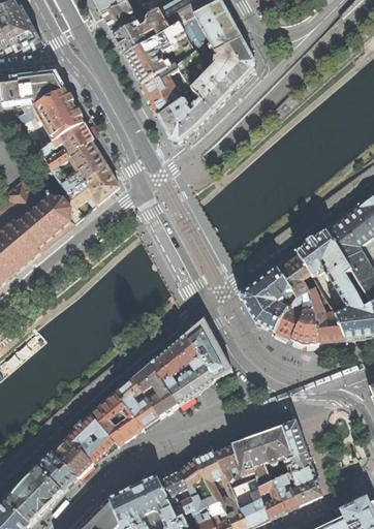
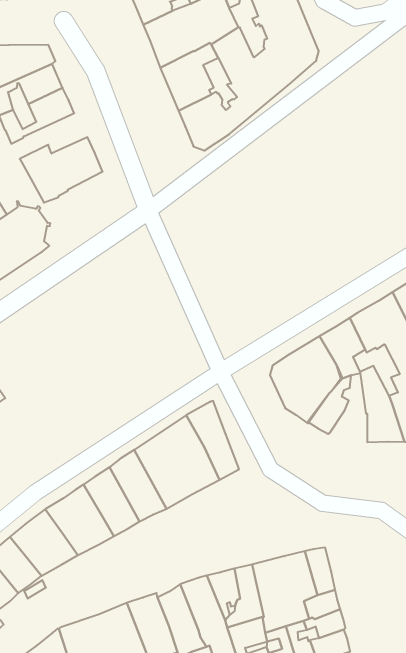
building: [39,123,94,161] -> none
building: [64,164,119,221] -> none
building: [291,291,319,342] -> none

